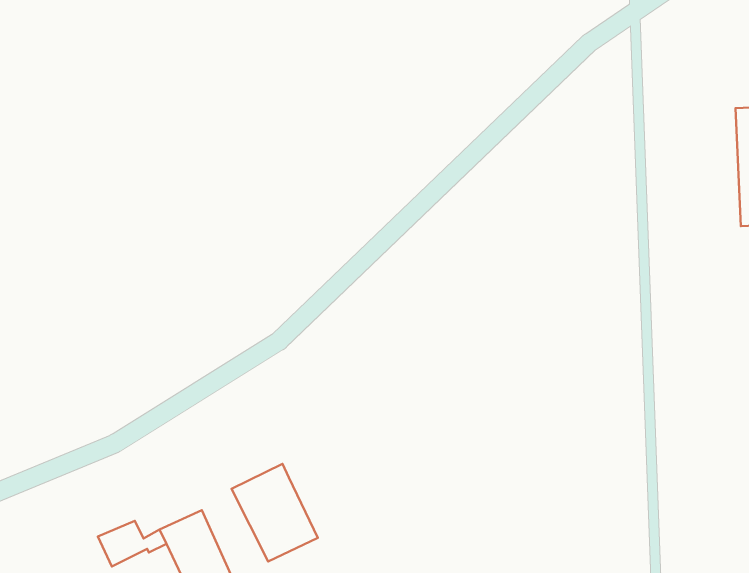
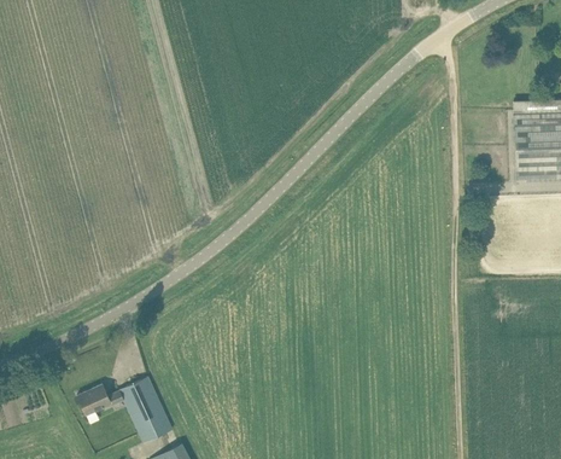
building: [231,464,318,562] -> none

